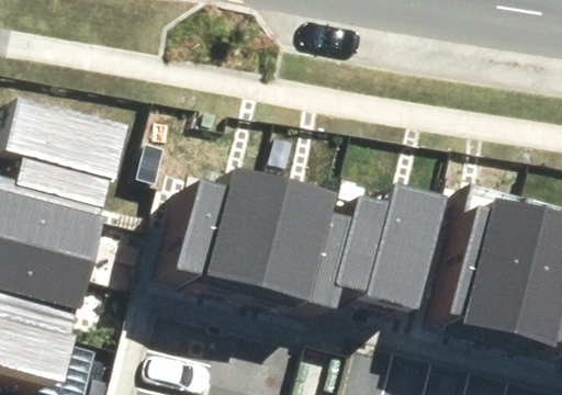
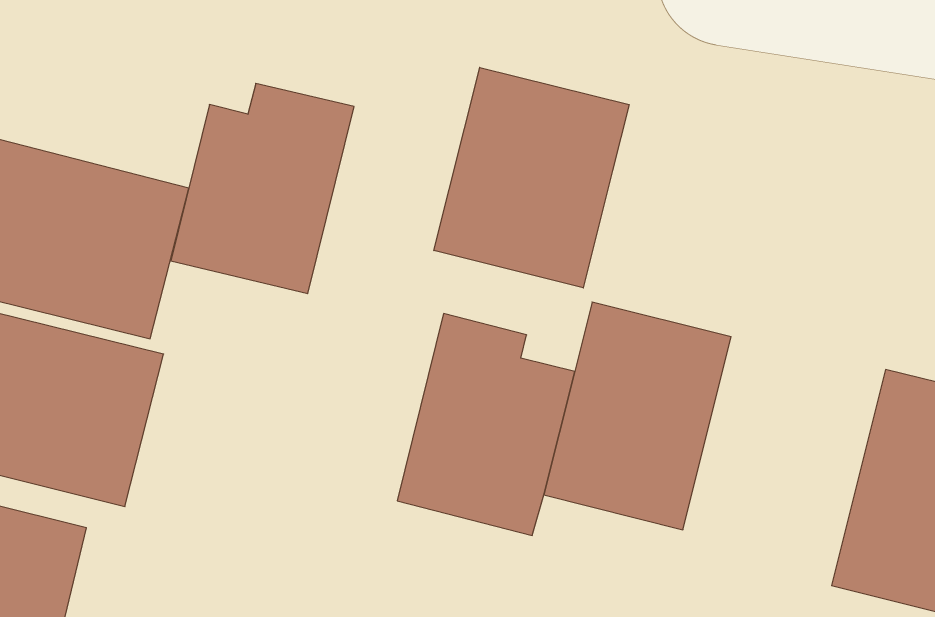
building: none -> [434,67,629,288]
building: [168,171,272,291] -> [171,83,354,294]
building: [430,200,524,339] -> none

